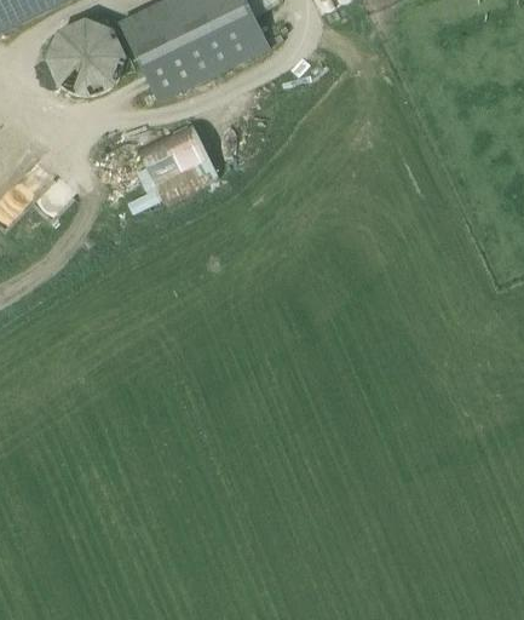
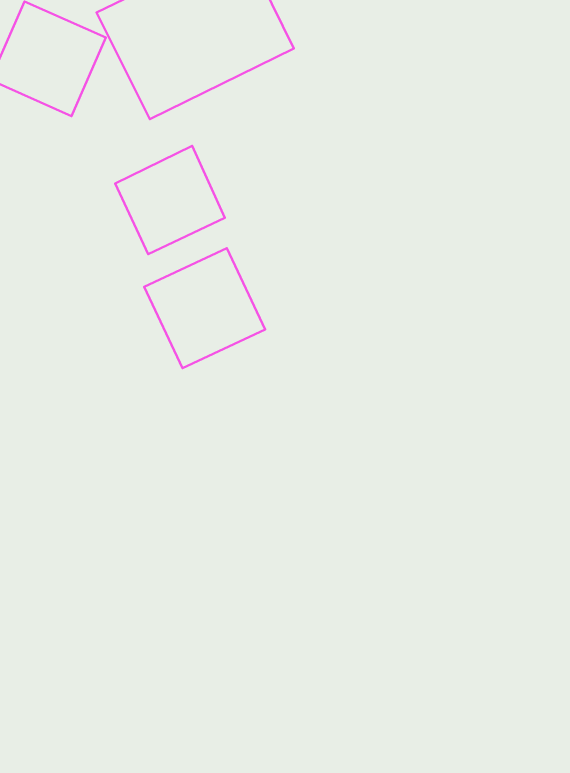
building: none -> [144,248,265,368]

